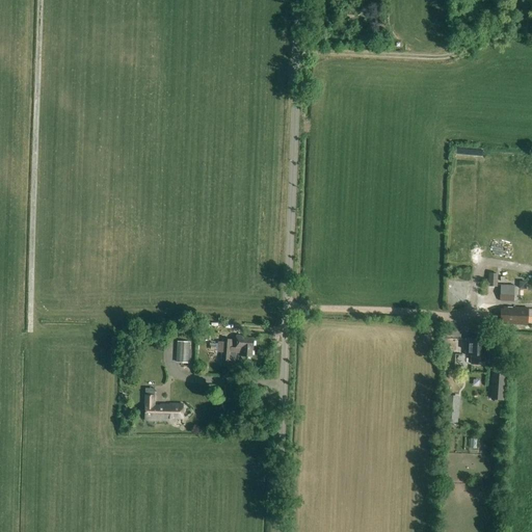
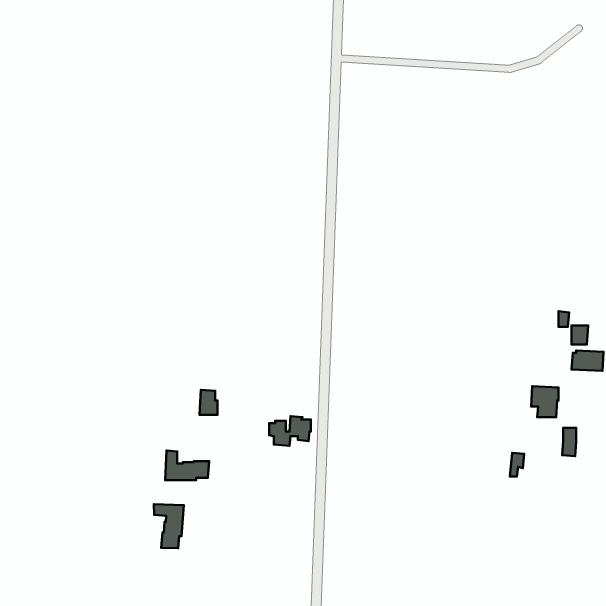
building: [218,335,255,361] -> [269,416,311,446]
building: none -> [154,504,184,548]

